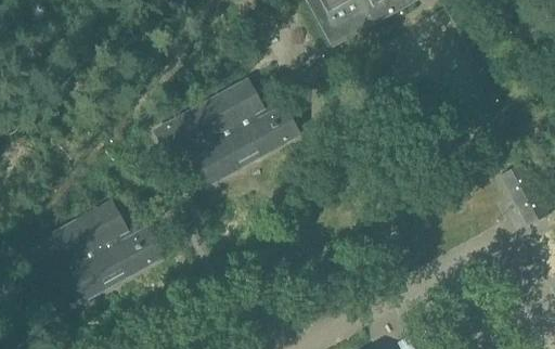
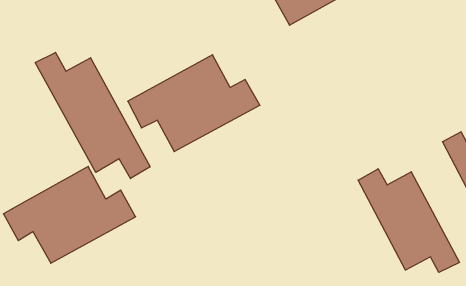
building: none -> [35,52,150,179]
building: none -> [358,169,459,272]

